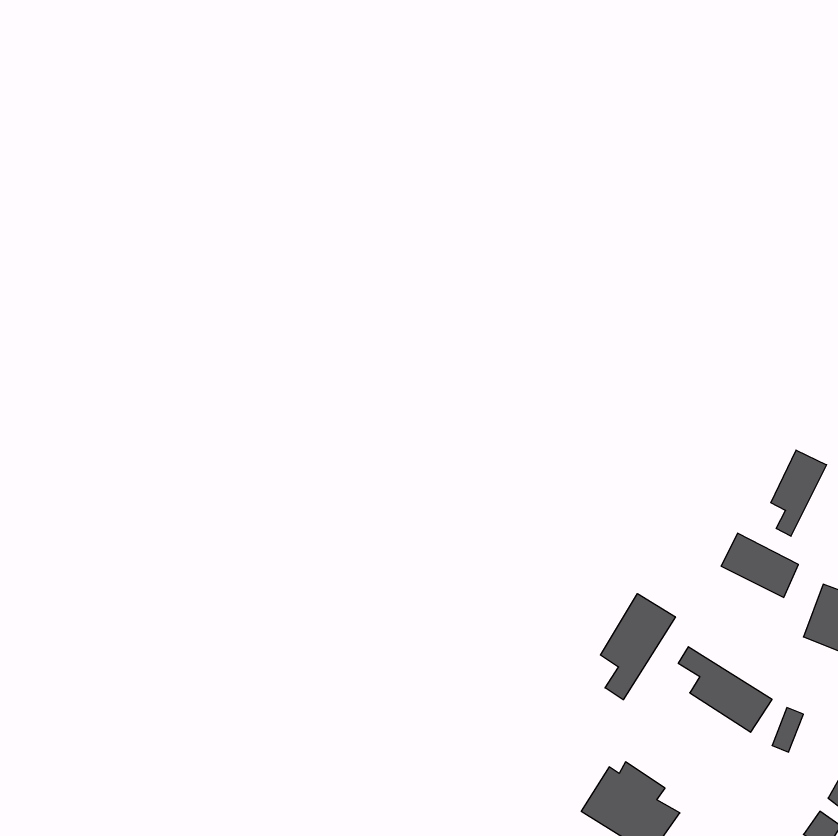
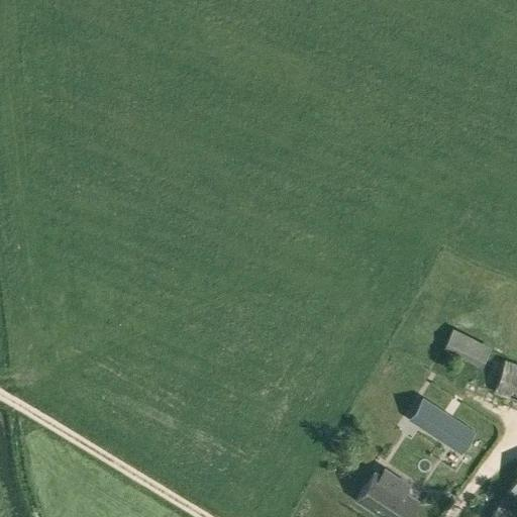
building: [771,450,827,536] -> none
building: [600,594,675,700] -> none

